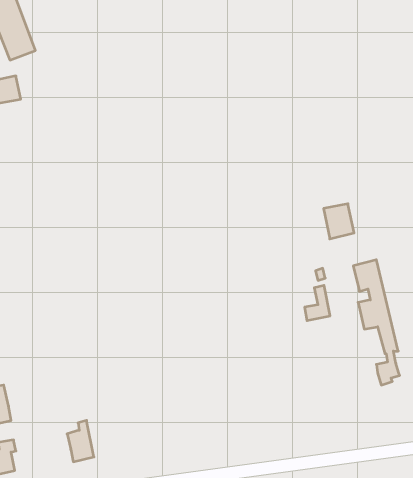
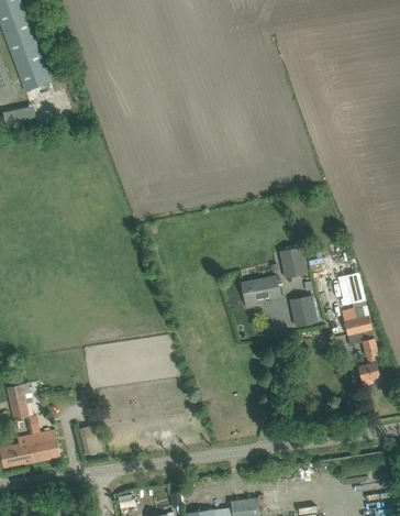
building: [324,204,354,239] -> [279,246,307,278]
building: none -> [241,275,280,300]
building: none -> [29,429,59,462]

